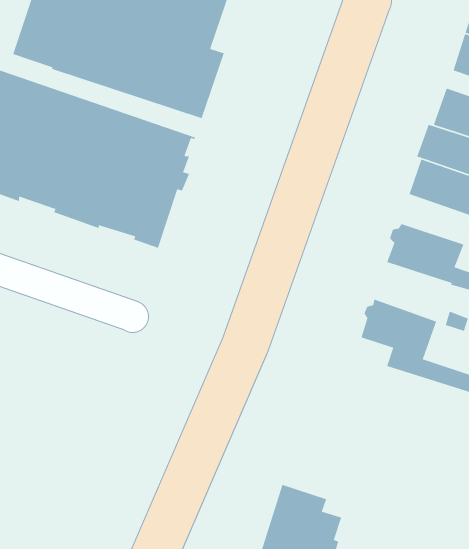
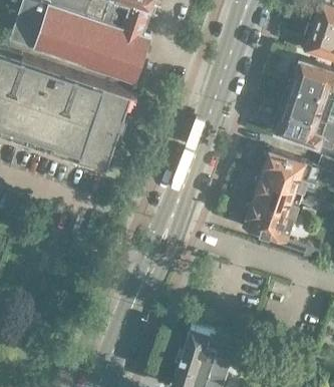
building: none -> [251,177,302,217]

